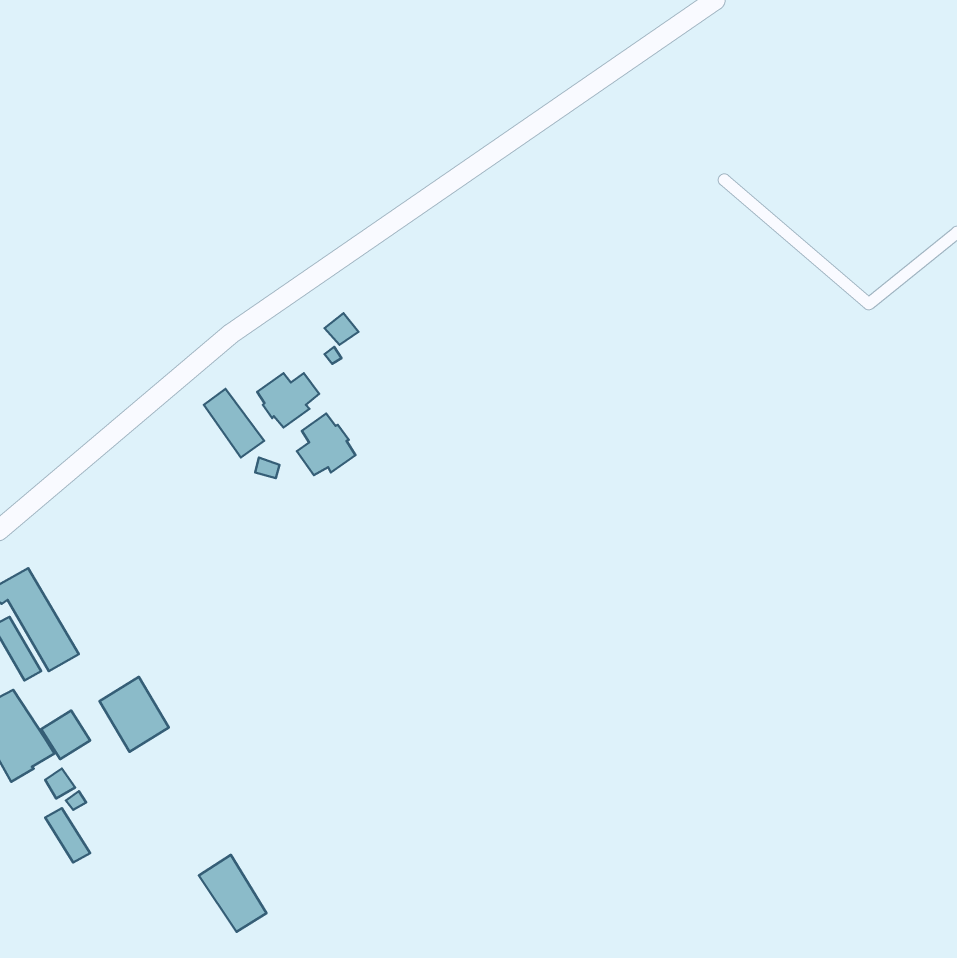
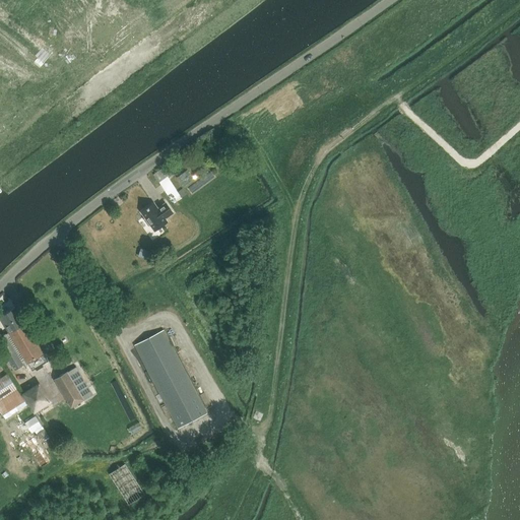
building: [204,389,264,458] -> none
building: [297,413,355,475] -> none
building: none -> [133,330,205,429]

